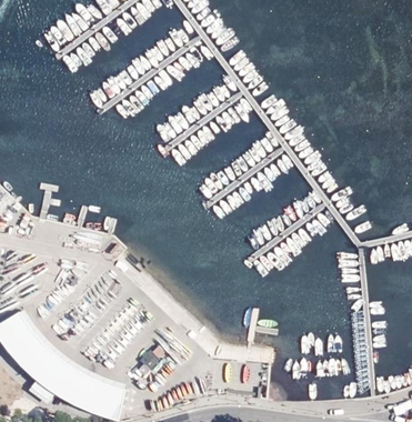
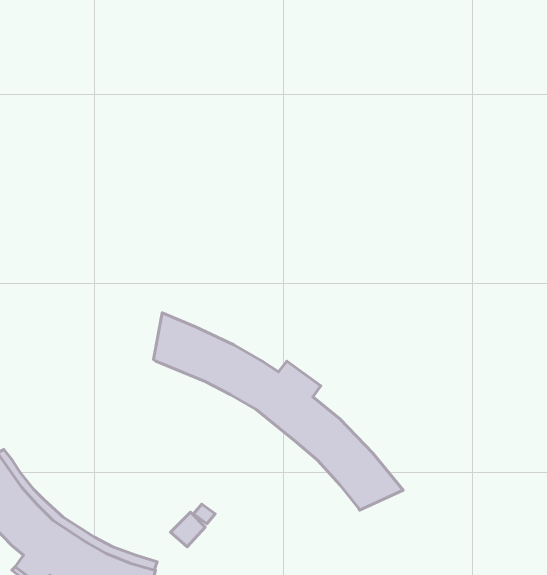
building: none -> [153,313,403,510]

